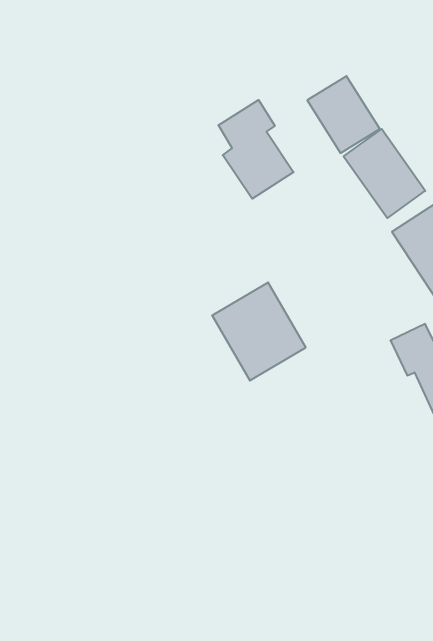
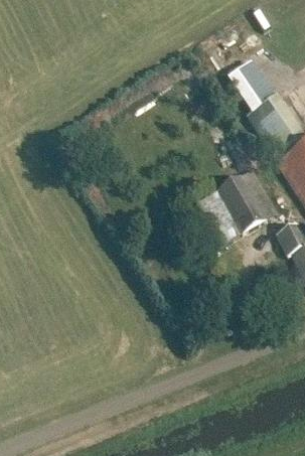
building: [218,100,294,199] -> none
building: [212,282,306,381] -> [216,166,279,232]

